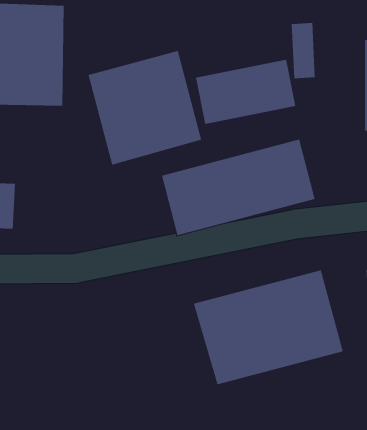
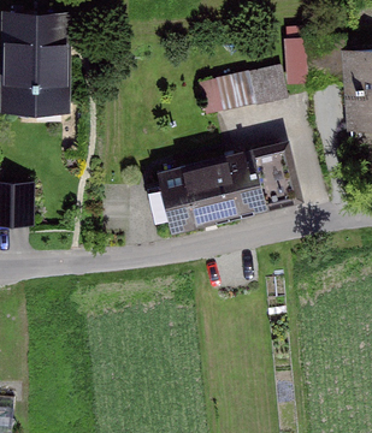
building: [88,50,202,165] -> none
building: [193,269,343,385] -> none

